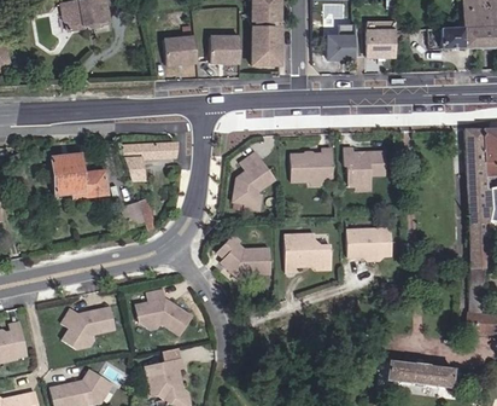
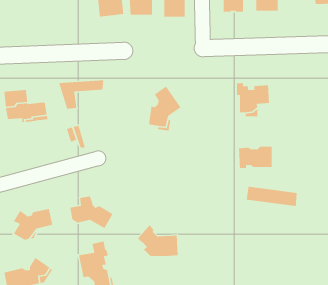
building: [291,147,332,181] -> none
building: [217,233,269,274] -> [137,224,178,257]
building: [283,233,329,273] -> none
building: [386,361,451,388] -> [246,186,298,207]

